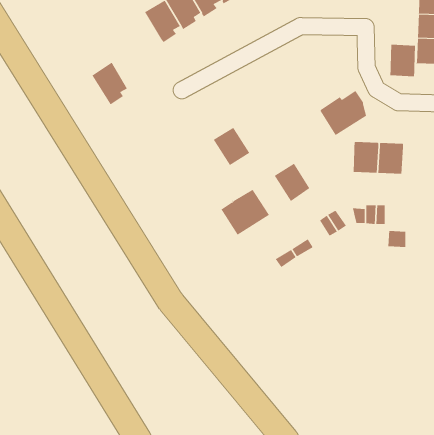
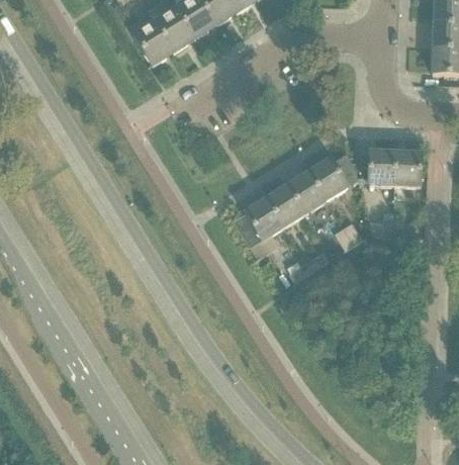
building: [390,44,416,79] -> none
building: [91,62,128,105] -> [133,18,171,63]
building: [318,90,367,136] -> [307,152,357,198]
building: [212,125,250,166] -> [265,184,304,225]

